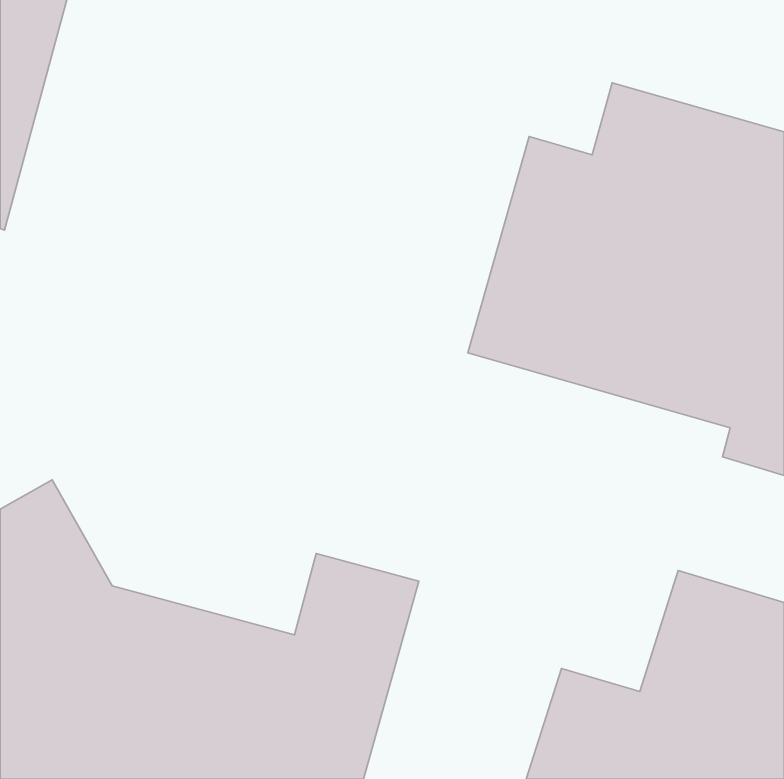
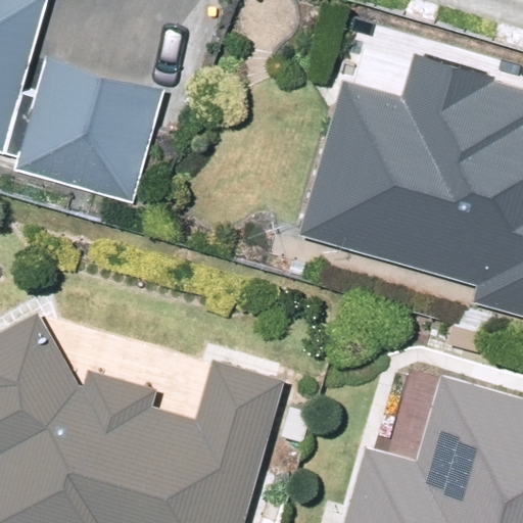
building: none -> [15,61,159,202]

